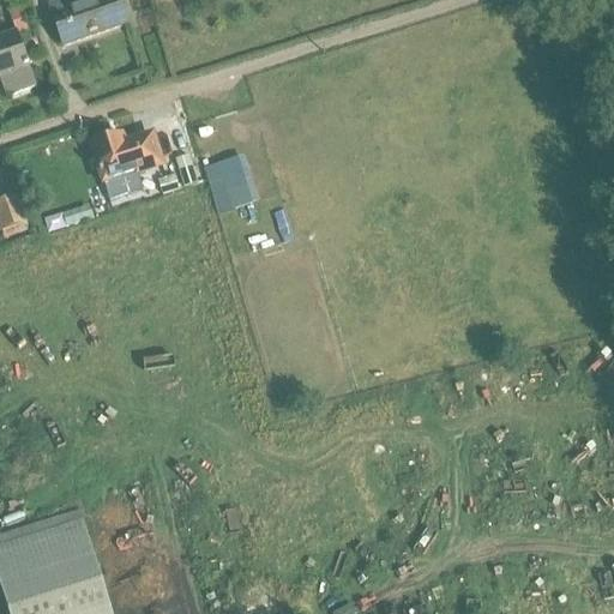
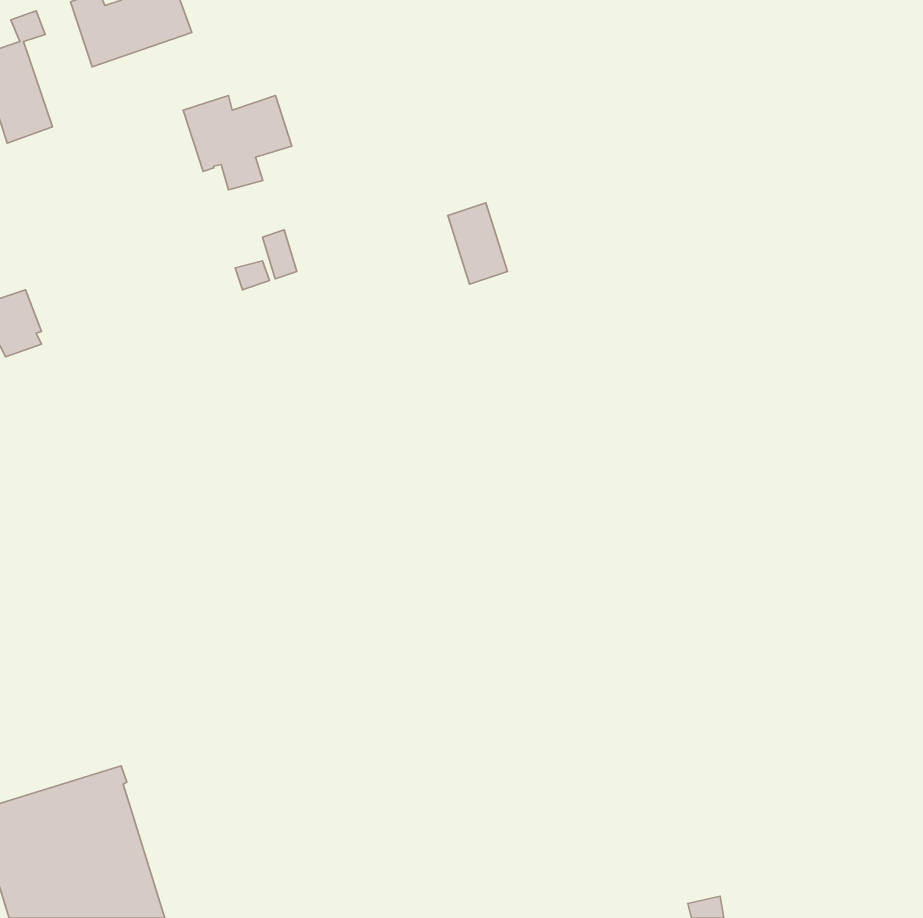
building: [90,133,162,195] -> [183,96,292,190]
building: [217,152,257,206] -> [448,203,507,284]

